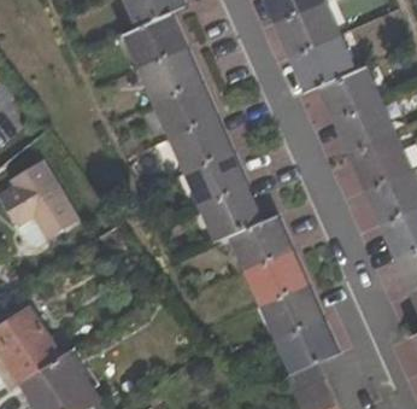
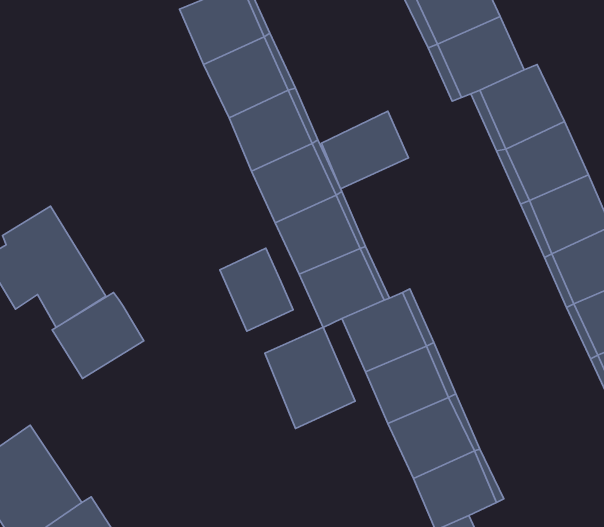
building: none -> [321,111,408,189]
building: none -> [220,248,293,331]
building: none -> [52,292,144,378]
building: none -> [265,327,355,429]

